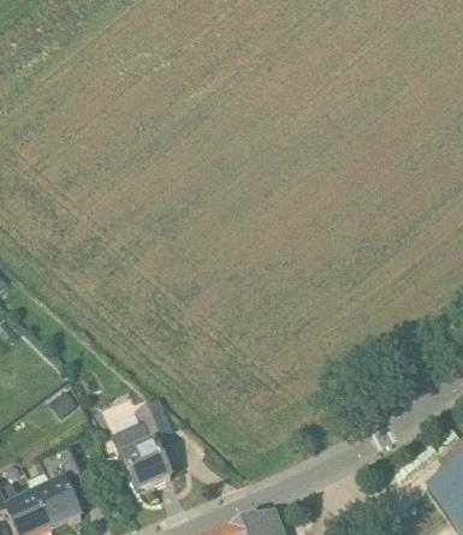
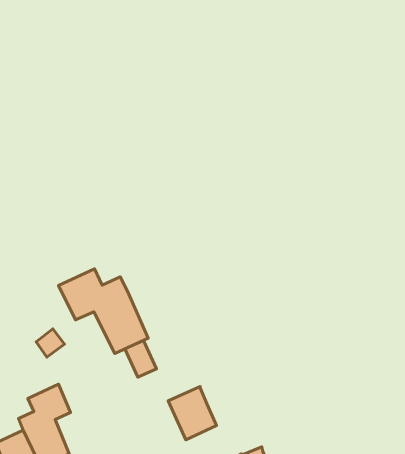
building: none -> [58,269,148,353]
building: [120,435,170,489] -> [168,387,217,440]

